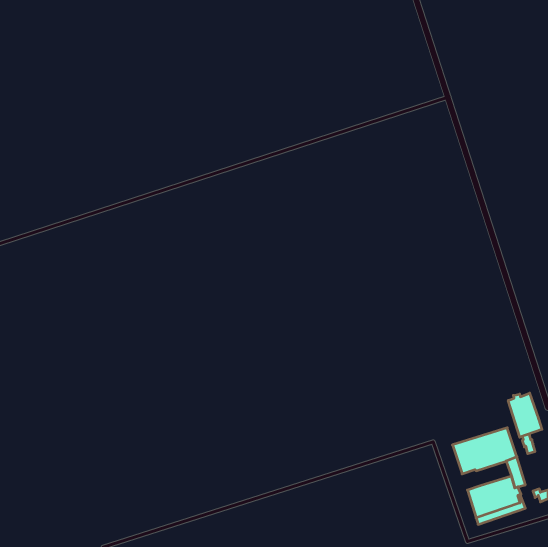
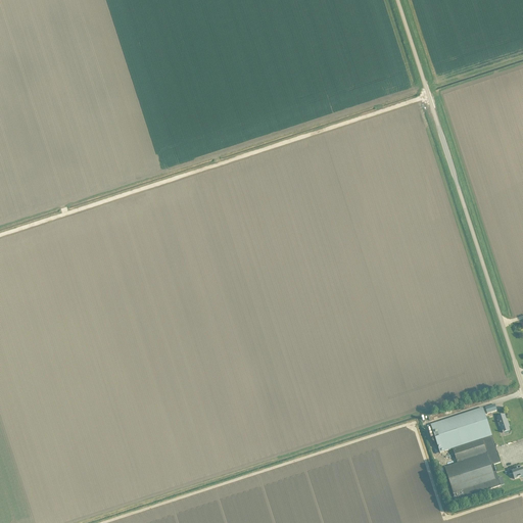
building: [508,393,542,437] -> none
building: none -> [453,438,486,462]

